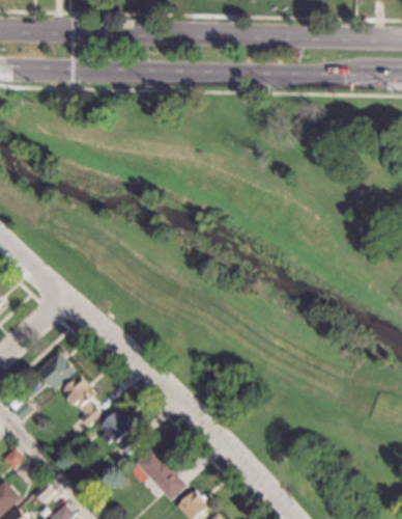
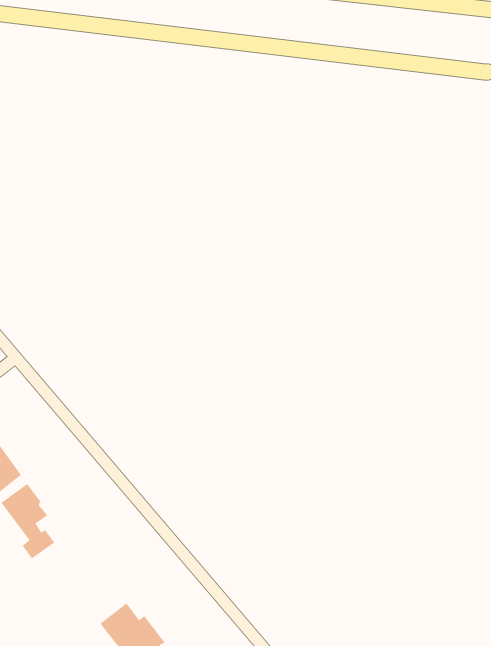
building: [97,410,138,455] -> none

